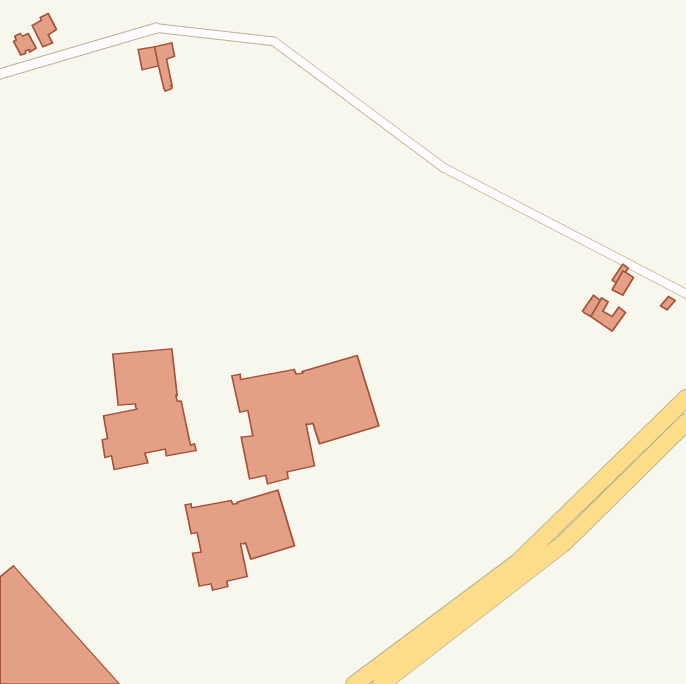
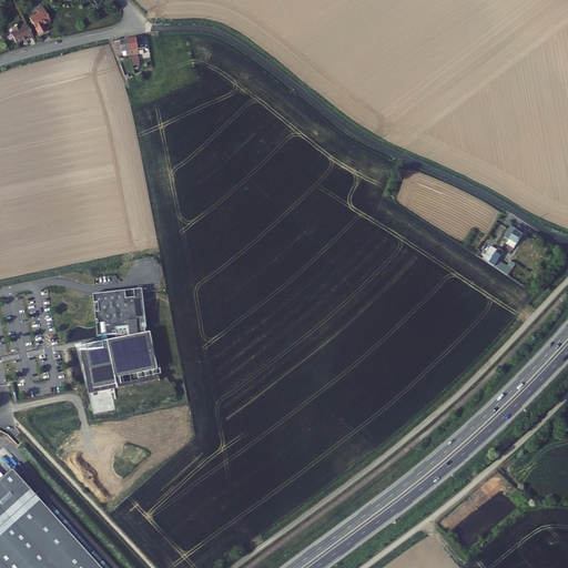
building: [232,356,379,484] -> none
building: [185,490,295,590] -> none

